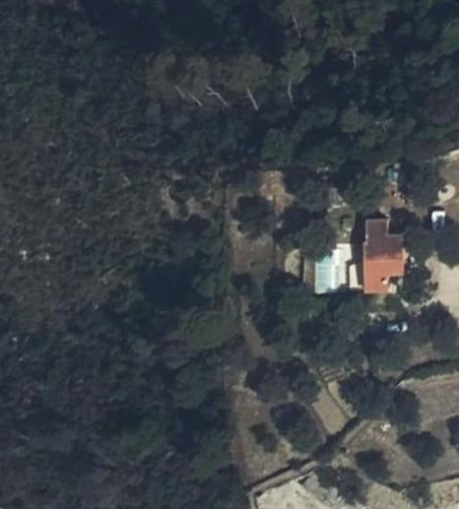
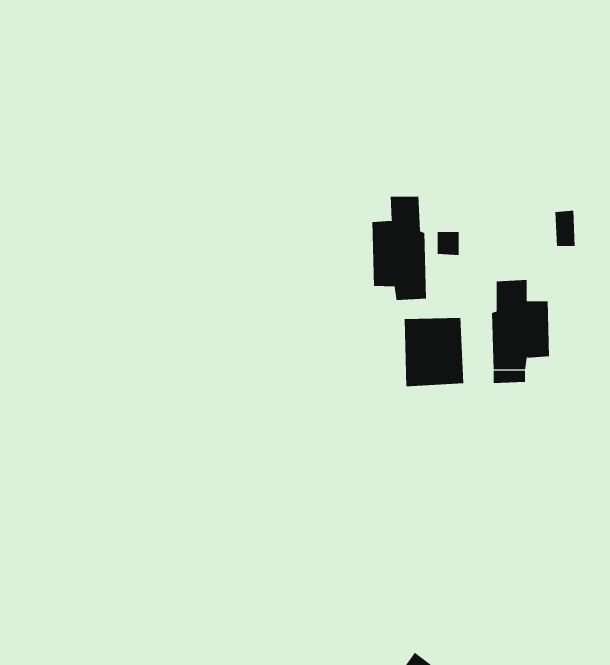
building: none -> [372,196,426,301]

